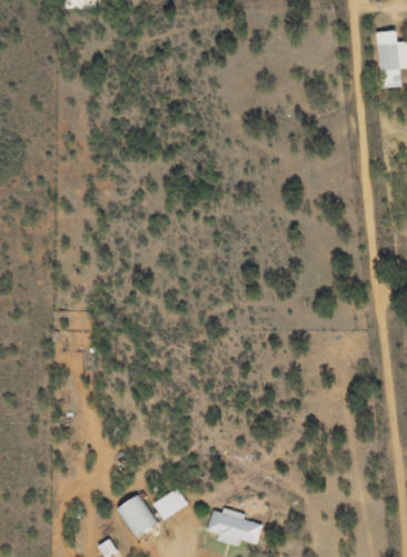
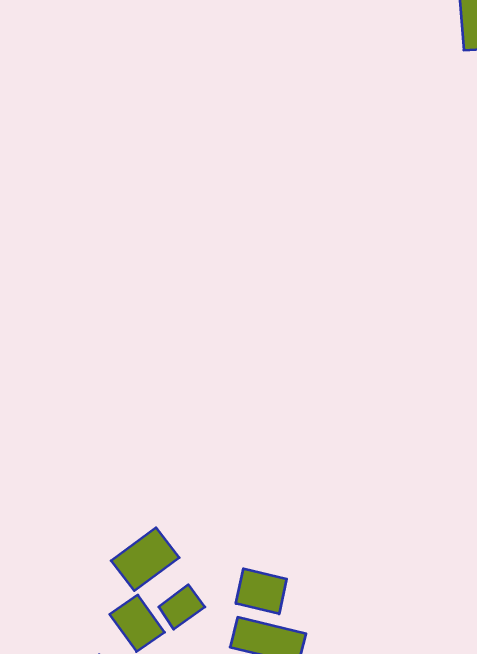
building: none -> [111,528,179,591]
building: none -> [236,569,287,614]

